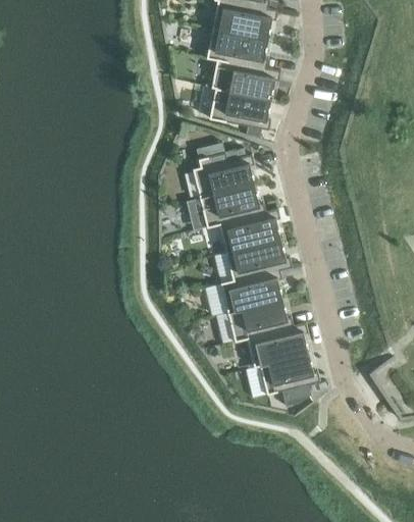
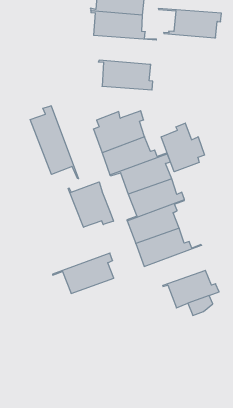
building: [204,55,278,98] -> [158,9,221,38]
building: none -> [30,106,79,179]
building: none -> [161,123,205,172]
building: none -> [68,182,113,227]
building: [232,321,306,364] -> [53,253,114,293]

